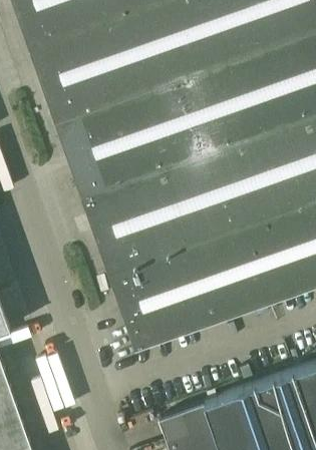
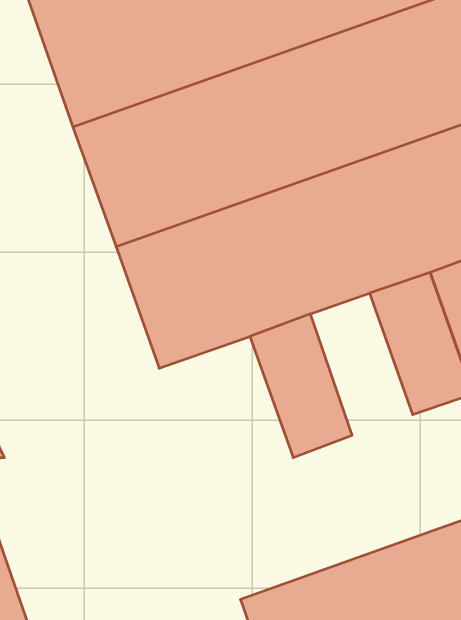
building: [205,229,269,318] -> none
building: [109,256,194,352] -> none

